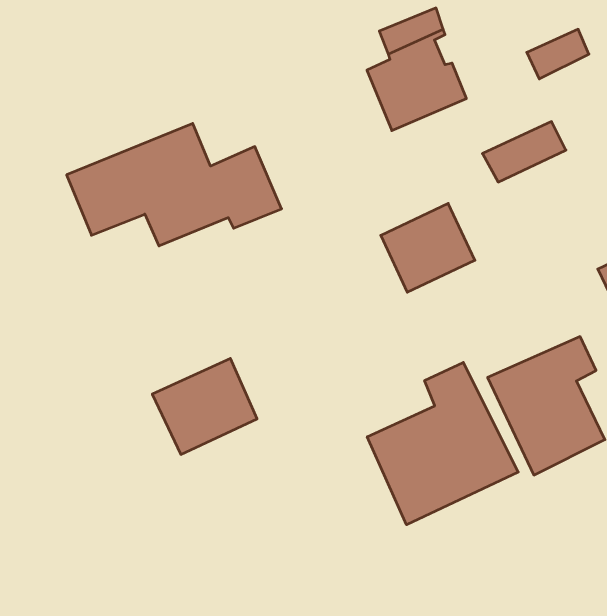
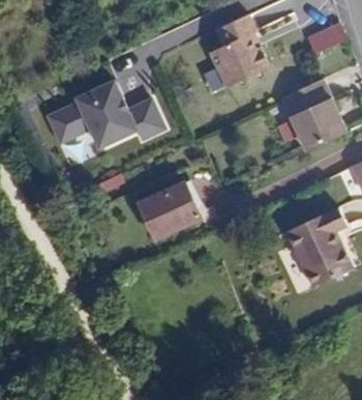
building: [381,203,475,292] -> [292,96,346,148]
building: [152,358,257,454] -> [138,184,199,240]
building: [367,362,518,525] -> none

